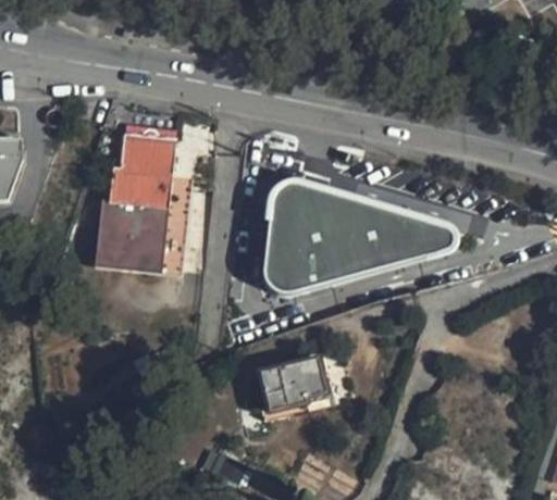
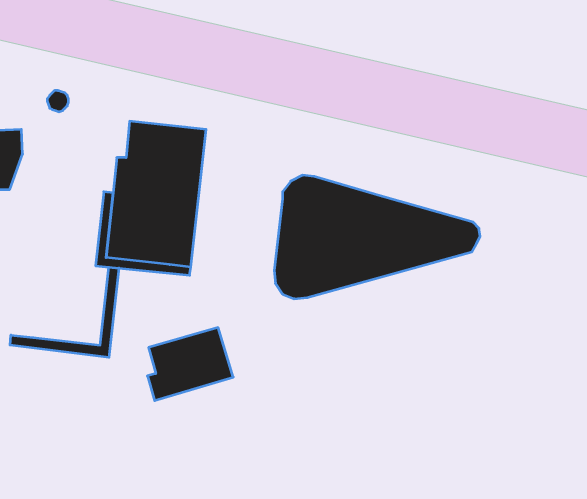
building: none -> [10,267,119,357]
building: [259,349,338,416] -> [147,328,233,401]

